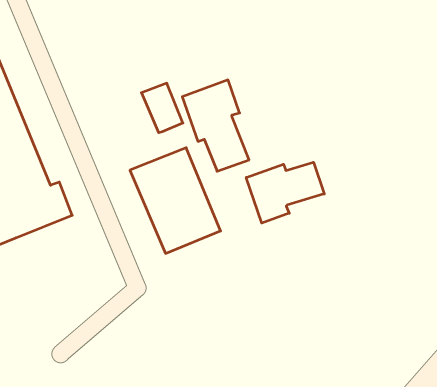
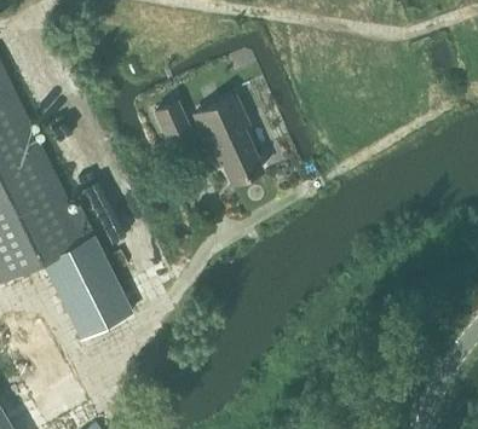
building: [130,148,221,253] -> [40,236,132,340]
building: [246,162,324,223] -> none

